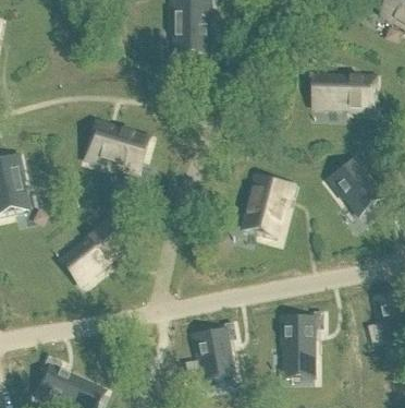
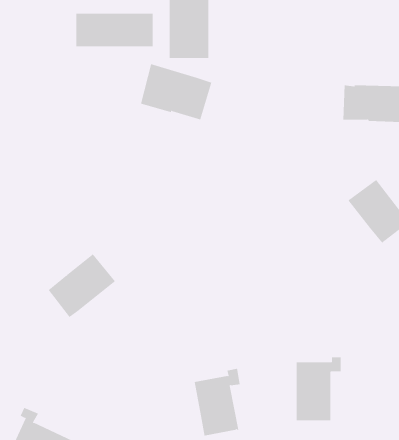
building: none -> [76,13,153,47]
building: [86,122,148,171] -> [140,64,212,120]
building: [244,175,291,237] -> none

